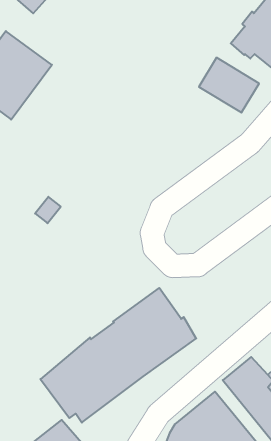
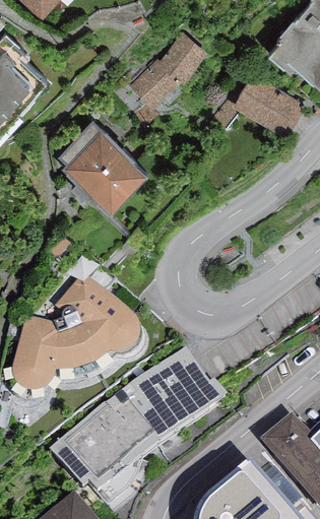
building: none -> [129,30,207,110]
building: none -> [64,132,145,213]
building: none -> [11,275,140,397]

